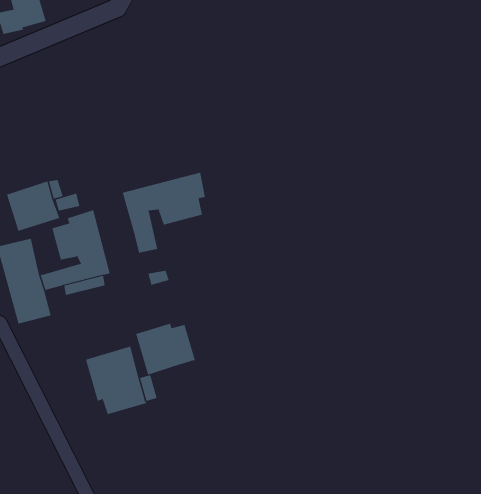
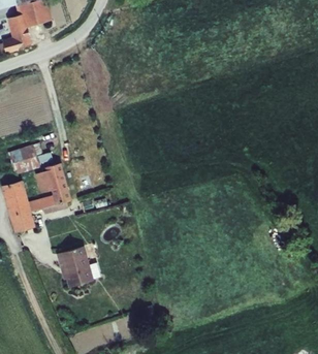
building: [122,172,206,253] -> none
building: [136,323,196,375] -> none

